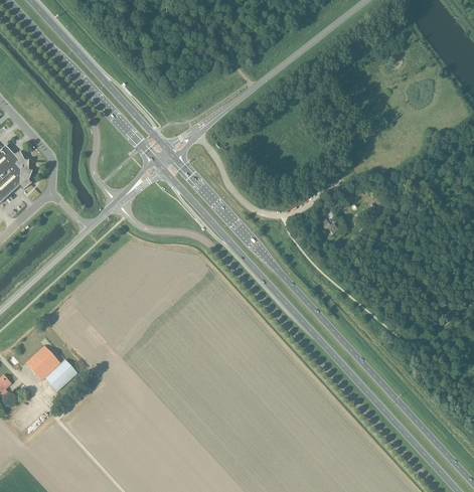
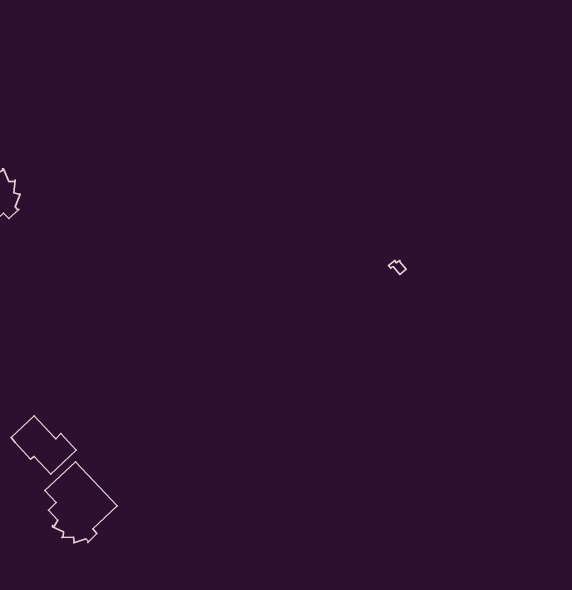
building: none -> [45,462,117,543]

